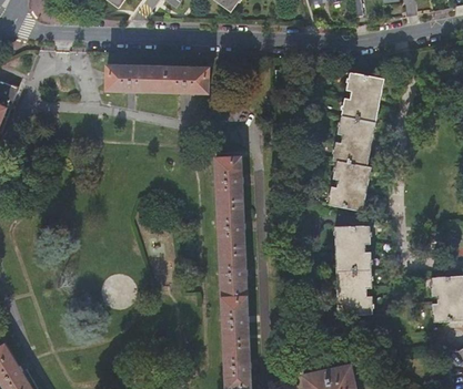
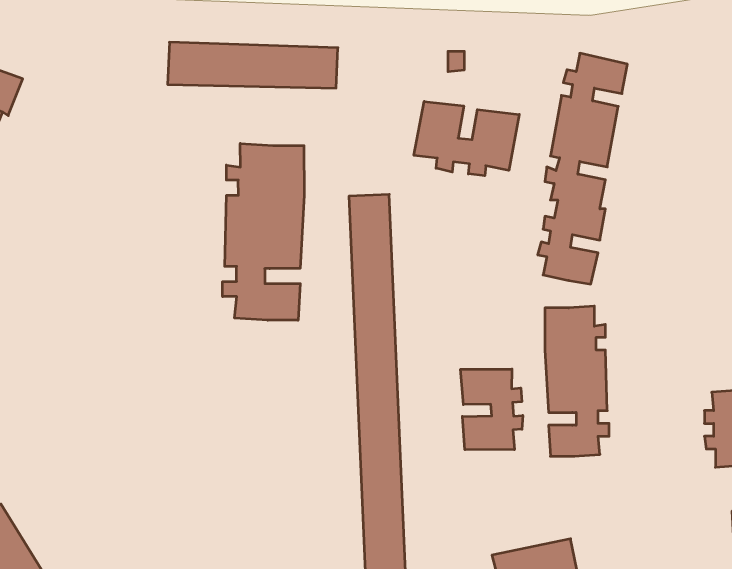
building: none -> [414,101,519,176]
building: none -> [223,143,304,320]
building: none -> [461,369,523,450]

